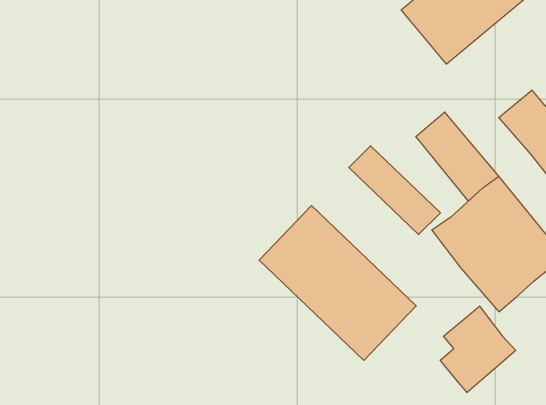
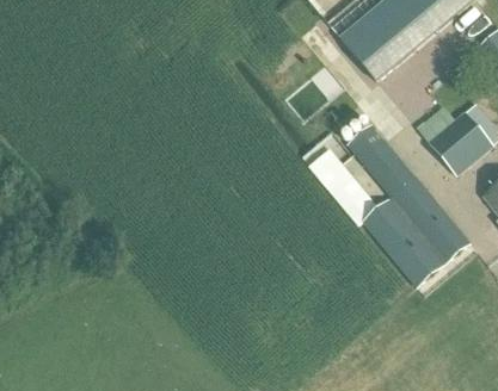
building: [259,206,416,360] -> none
building: [440,306,516,393] -> none

